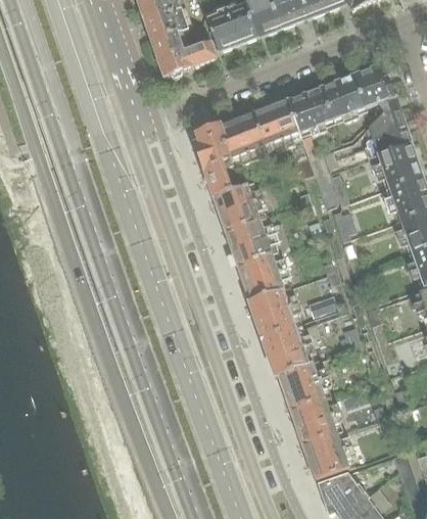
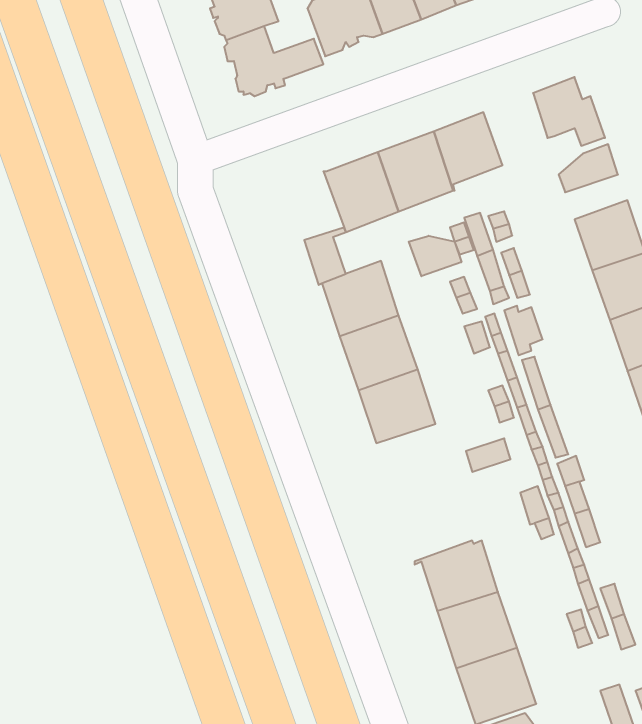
building: [318,75,365,121] -> none
building: [193,125,229,170] -> none
building: [363,127,410,155] -> none
building: none -> [409,236,461,276]
building: [248,286,299,336] -> none
building: [262,327,311,374] -> none

